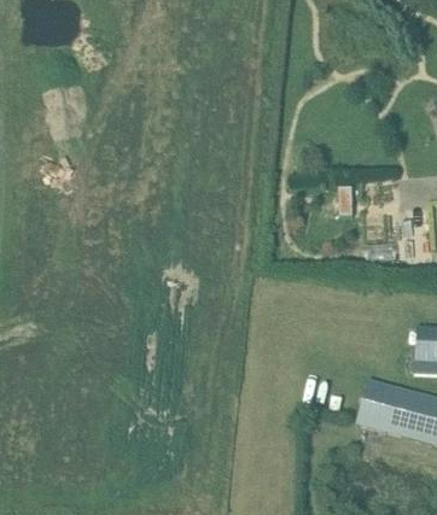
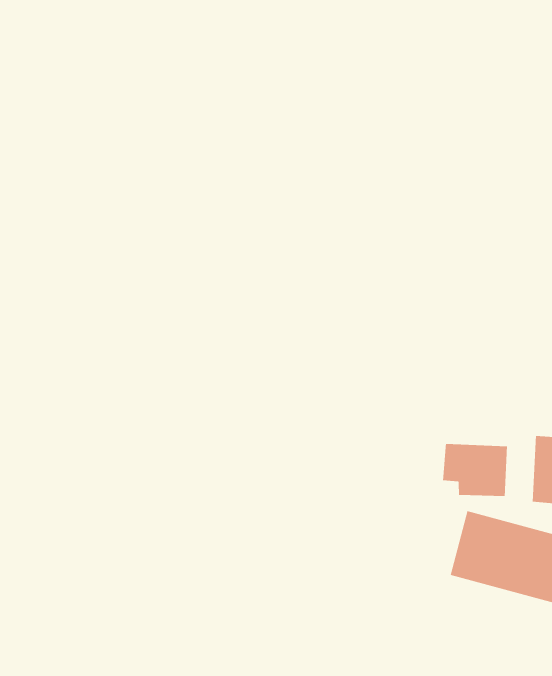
building: none -> [443,443,508,497]

